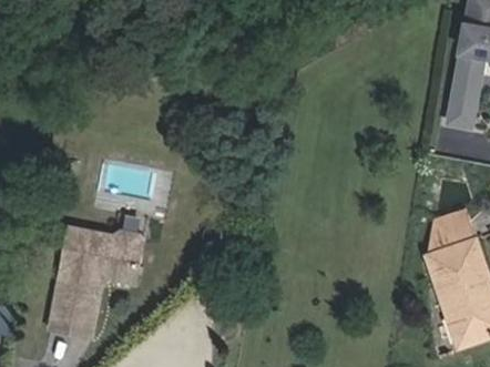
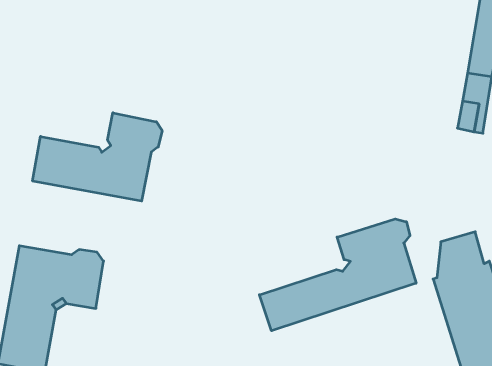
building: none -> [33,113,162,201]
building: none -> [259,219,416,331]

